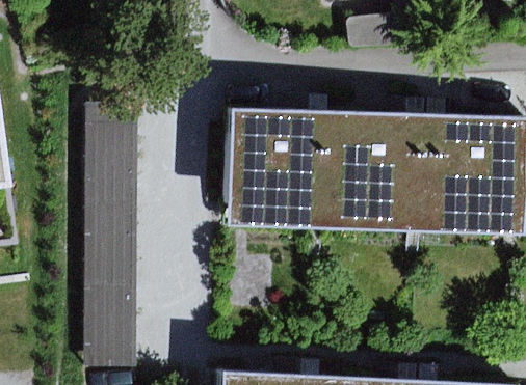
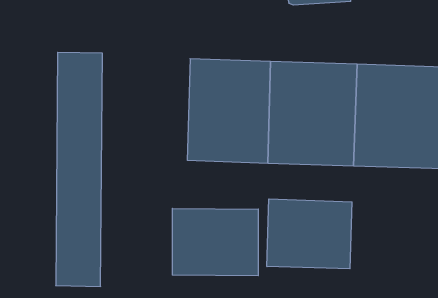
building: none -> [267,199,352,269]
building: none -> [172,208,258,276]

